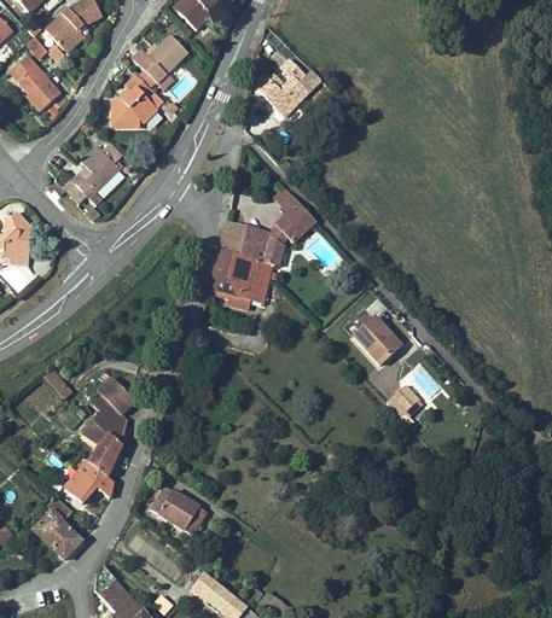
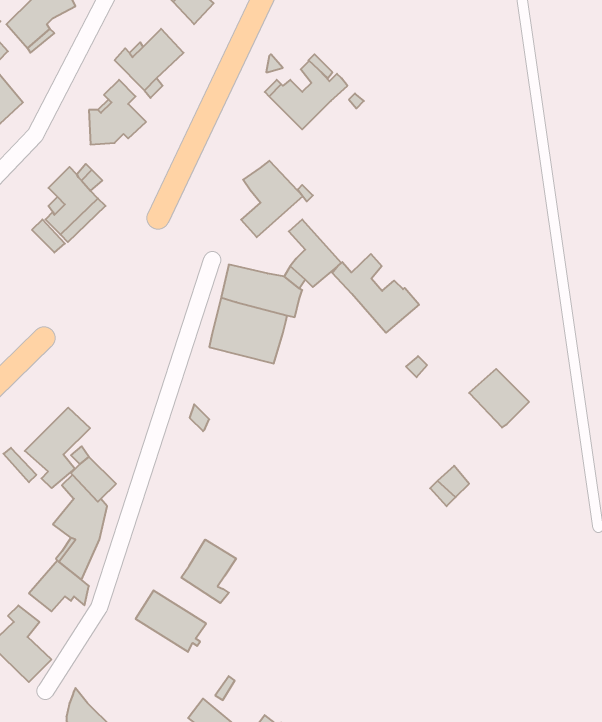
building: none -> [241,161,303,237]
building: none -> [332,254,419,333]
building: [353,319,401,366] -> [469,369,529,428]
building: none -> [25,408,90,488]
building: none -> [181,540,236,603]

